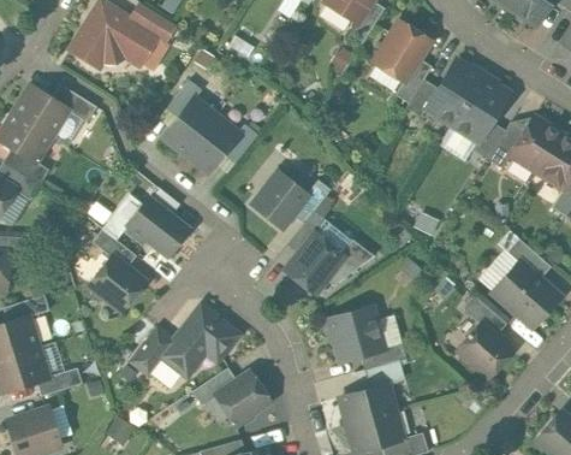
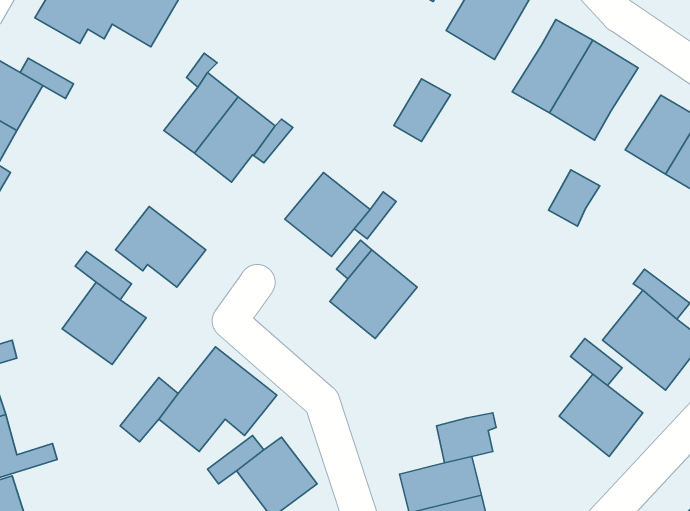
building: [400,63,442,110] -> [394,79,450,142]
building: [477,124,516,166] -> [548,170,600,226]
building: [326,306,387,365] -> none

